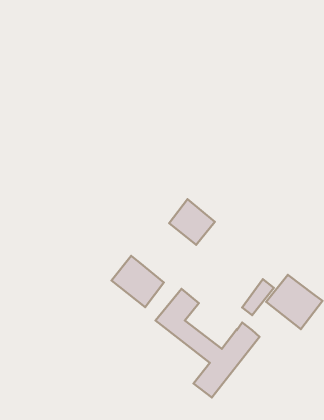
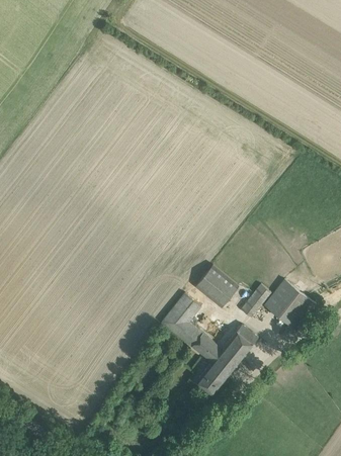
building: [169,199,215,245] -> [196,265,239,307]
building: [111,256,164,307] -> none

